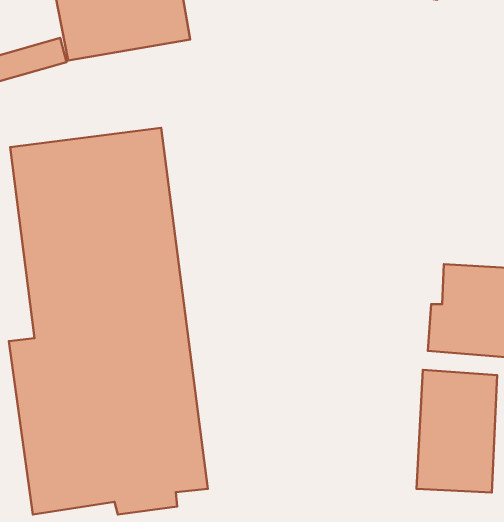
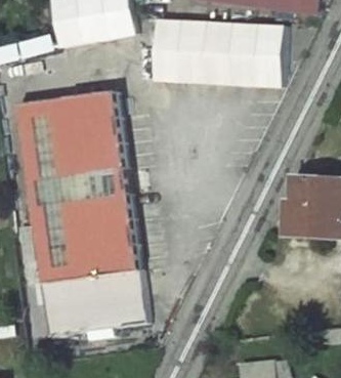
building: none -> [151,20,284,86]
building: [416,370,497,492] -> none

